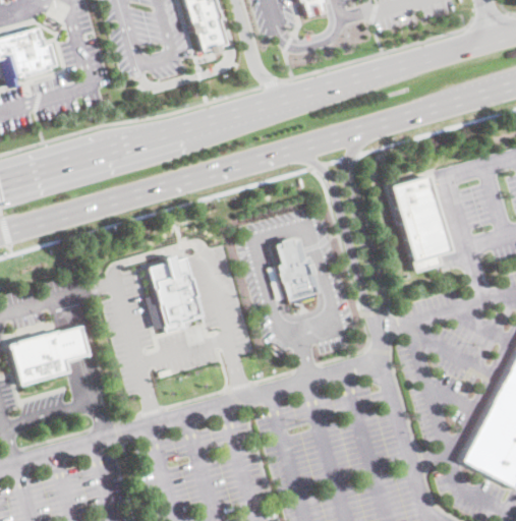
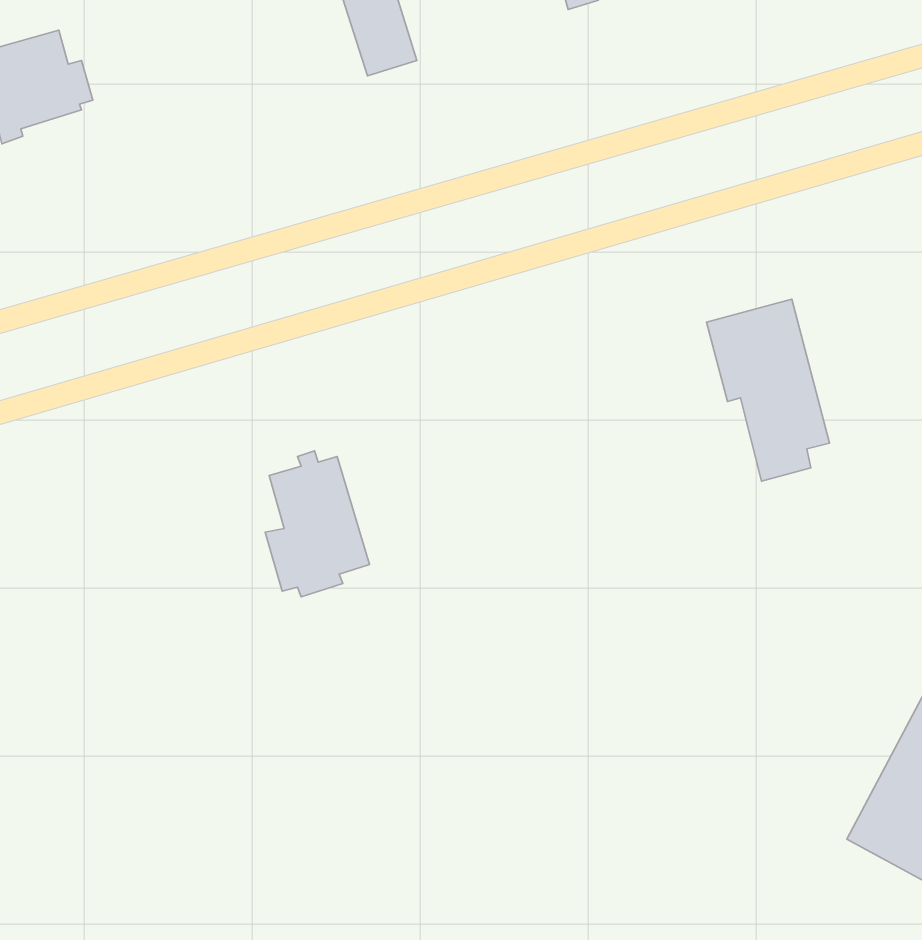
building: [276,238,319,302] -> none
building: [10,326,92,388] -> none

